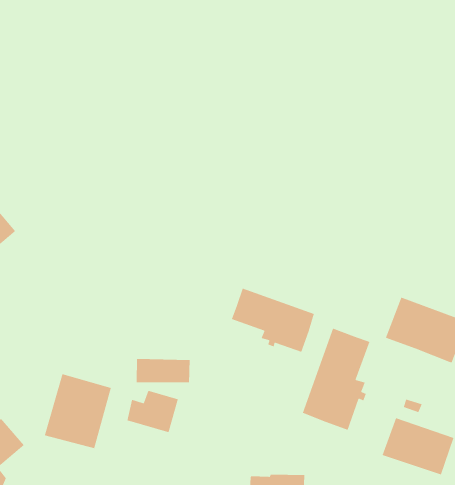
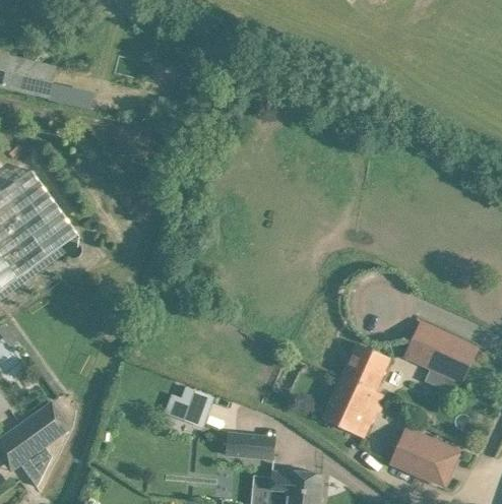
building: [231,287,315,353] -> none
building: [136,358,190,383] -> [224,433,274,459]
building: [44,373,112,449] -> none

